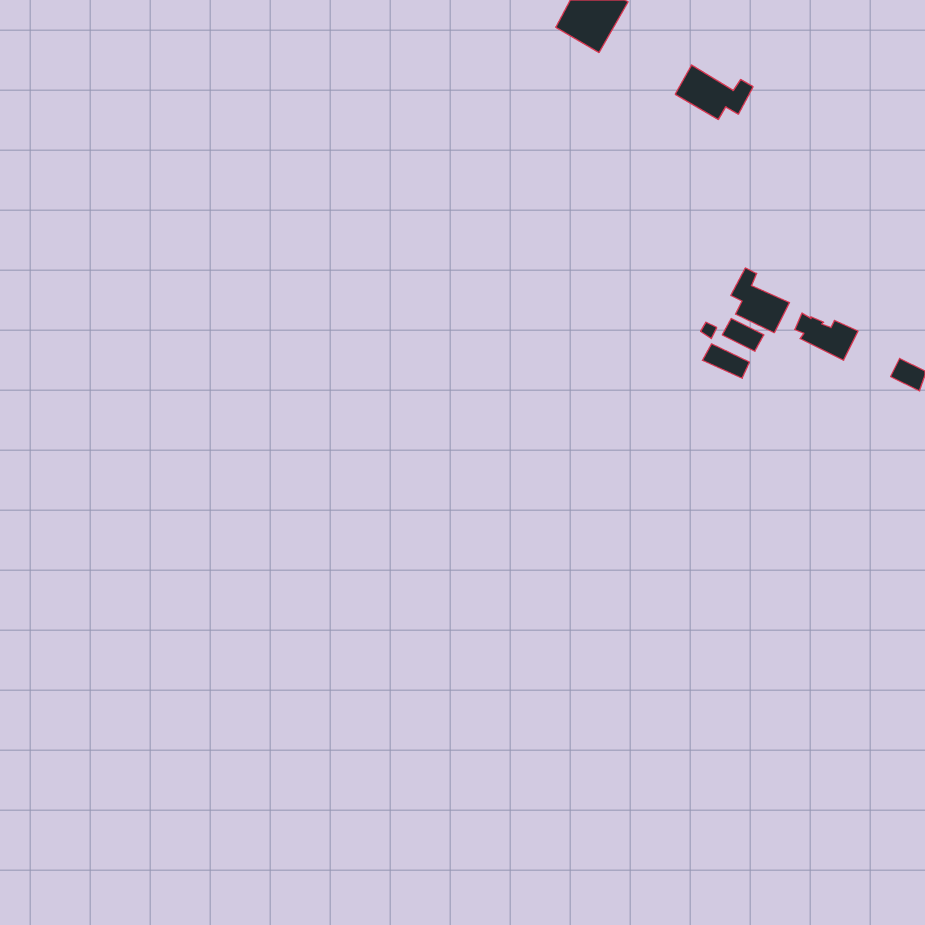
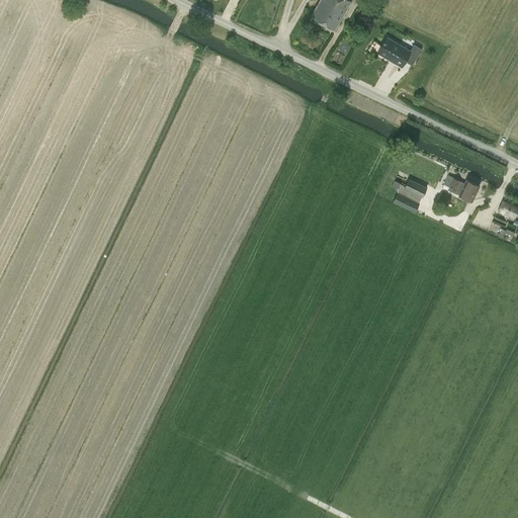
building: [731,268,789,333] -> none

